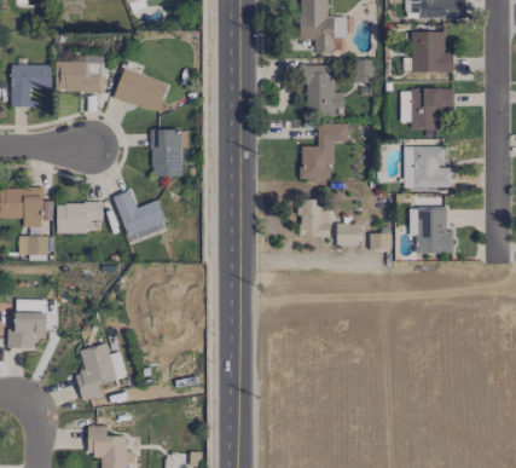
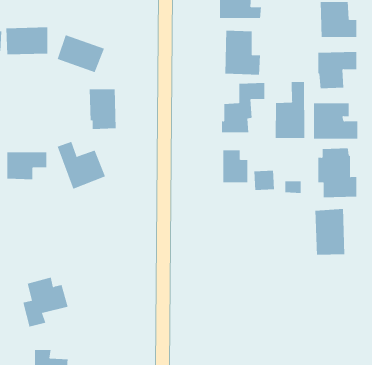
building: none -> [275,81,305,139]
building: none -> [315,208,345,256]

